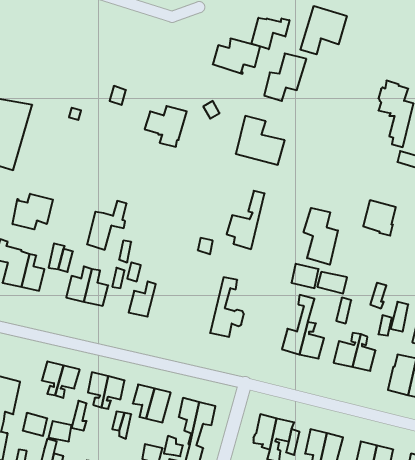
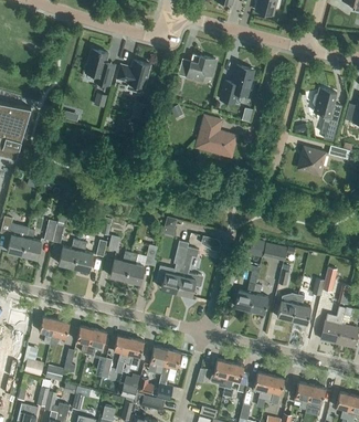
building: [300,6,347,54] -> none
building: [251,18,289,49] -> none
building: none -> [84,50,115,85]
building: [145,106,187,147] -> [116,60,150,93]
building: [227,191,265,249] -> [156,245,187,293]
building: [13,194,53,229] -> none
building: [363,200,396,236] -> [298,147,325,176]
building: [87,201,127,250] -> [125,244,157,284]
building: [304,208,338,265] -> none

